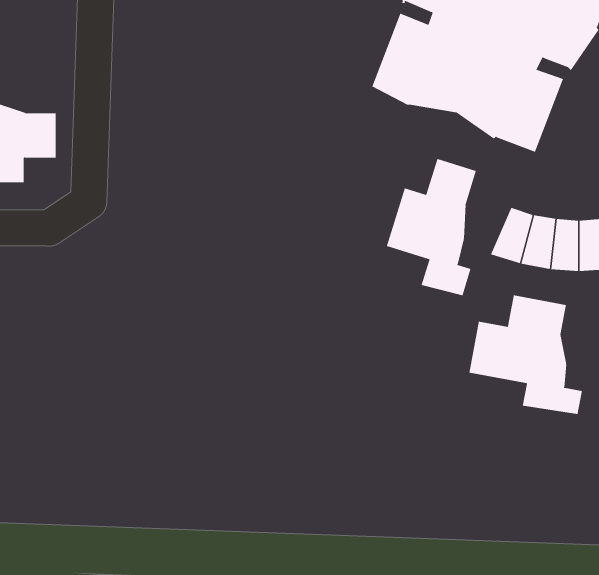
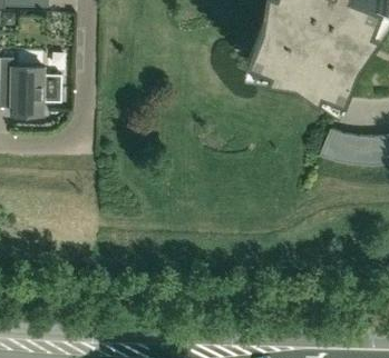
building: [386,158,477,296] -> none
building: [469,295,582,415] -> none

